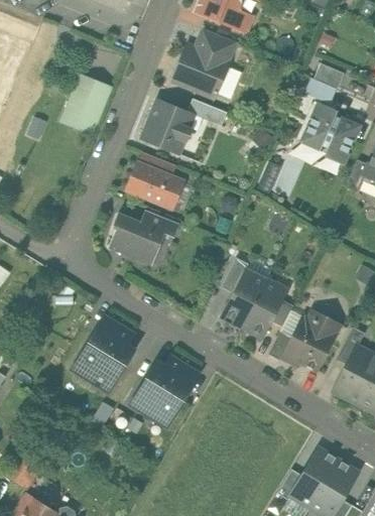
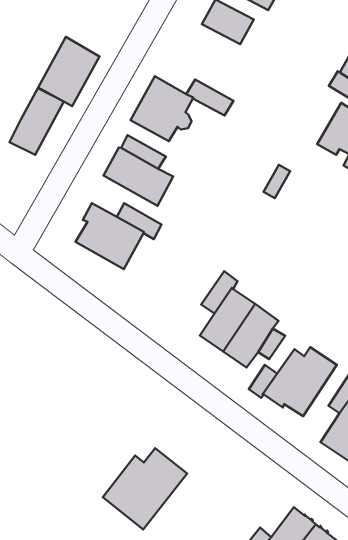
building: [171,50,229,95] -> none
building: none -> [10,88,64,155]
building: [72,316,133,391] -> none
building: [130,357,199,426] -> [103,448,187,530]

